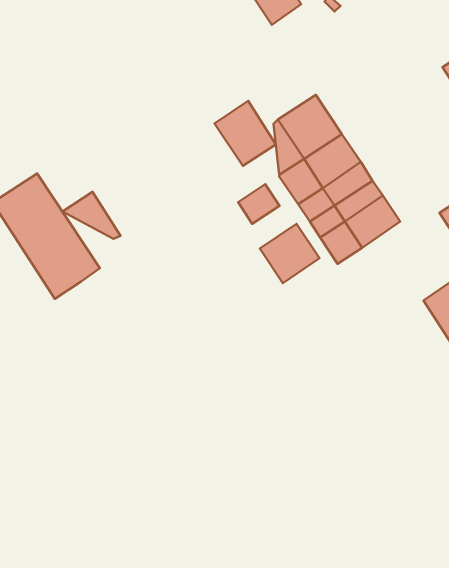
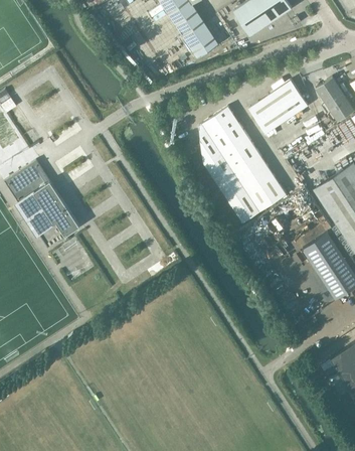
building: none -> [249,81,308,134]
building: [215,101,276,166] -> none
building: [238,184,279,224] -> none
building: [62,192,120,239] -> none
building: [260,224,320,283] -> none

